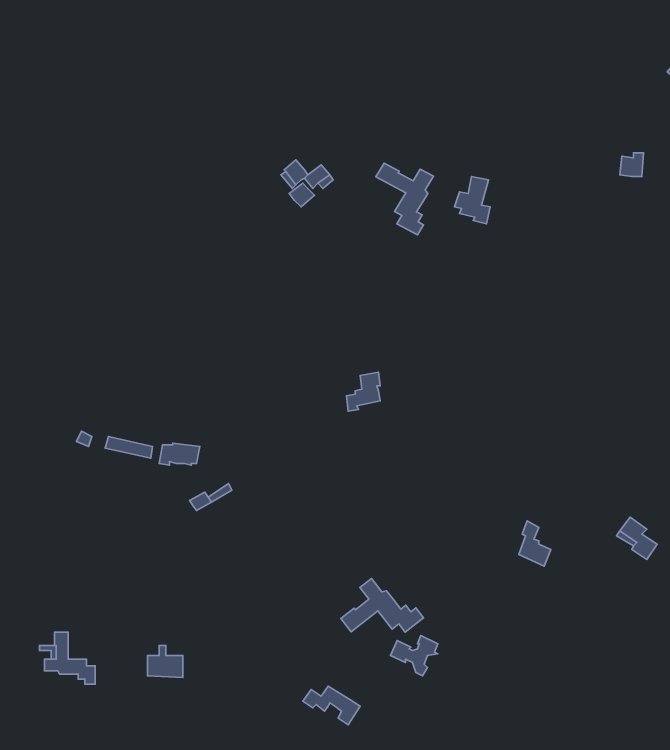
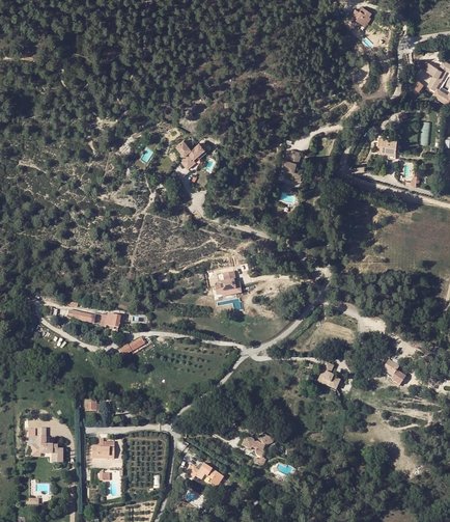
building: [376,163,433,235] -> none
building: [341,578,424,632] -> none

